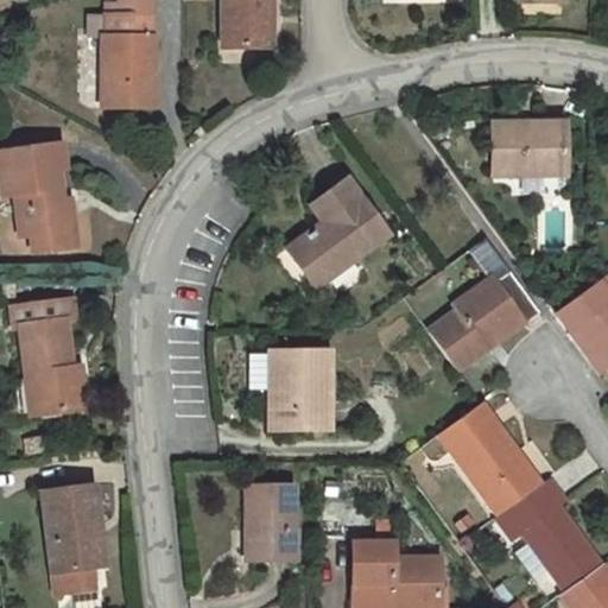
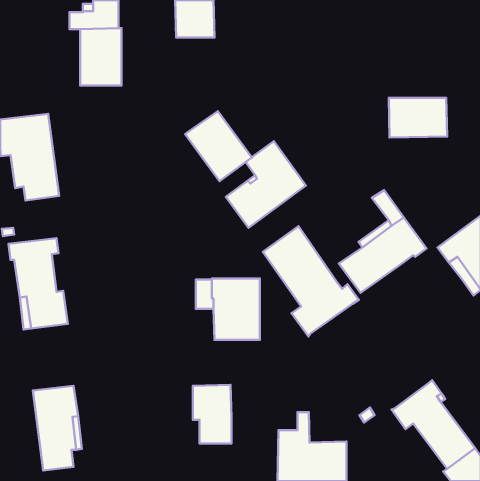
building: none -> [185,111,252,181]
building: none -> [263,226,359,336]
building: [439,404,540,515] -> none

